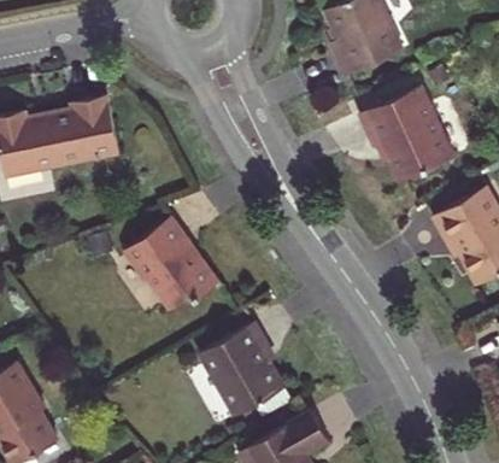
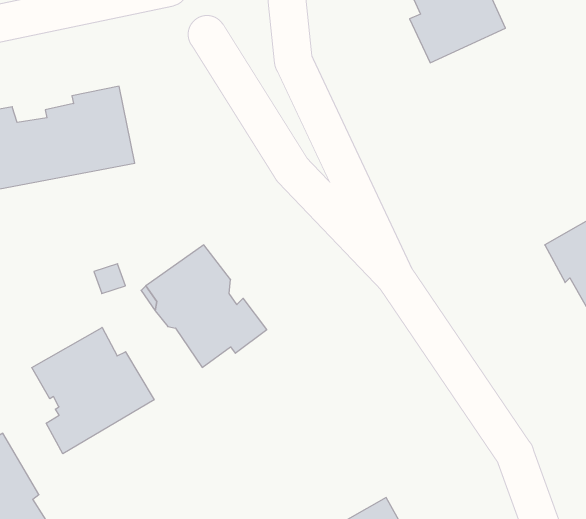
building: [359,87,452,182] -> none
building: none -> [32,327,154,454]
building: [199,322,284,416] -> none

